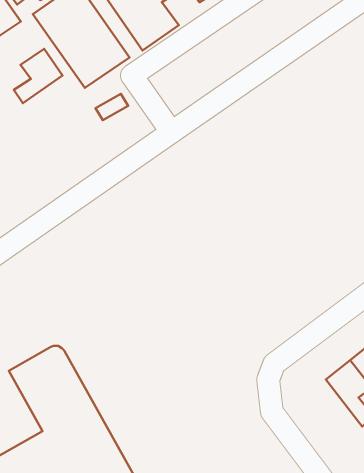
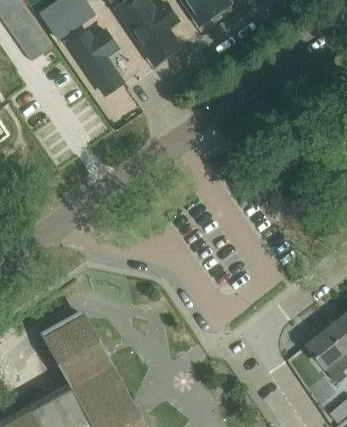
building: [14,49,62,103] -> none

